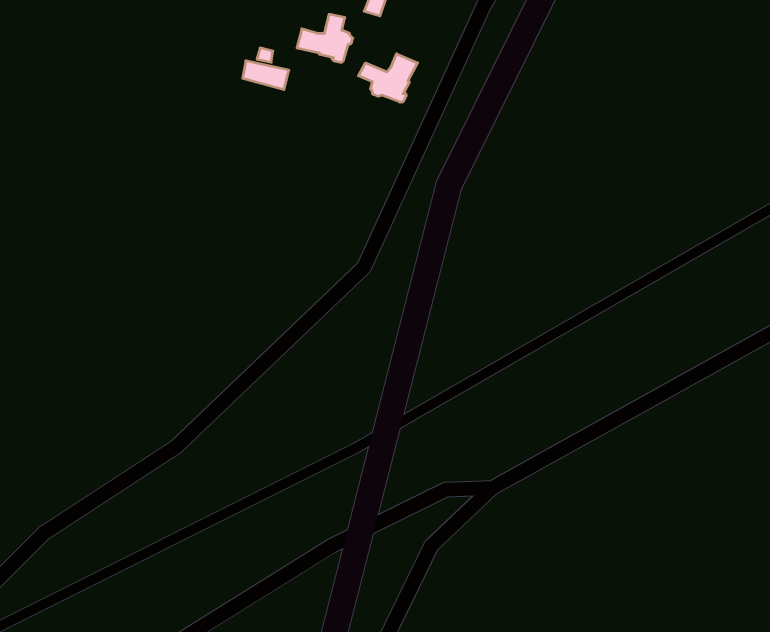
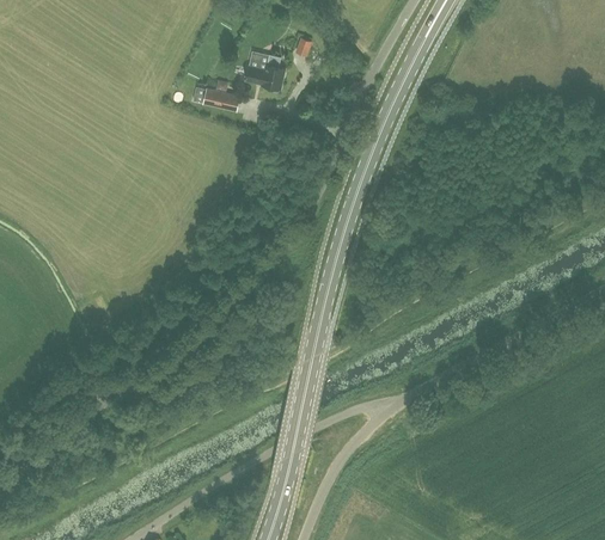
building: [358,54,418,102] -> none

